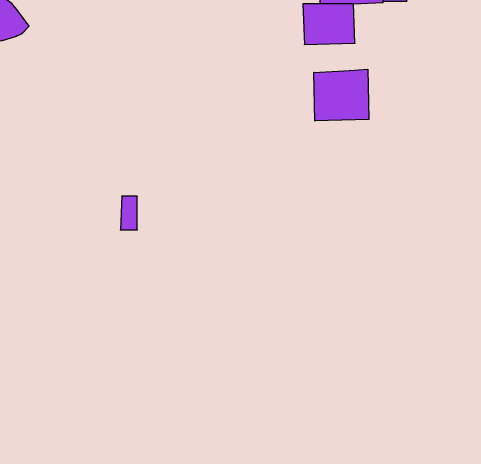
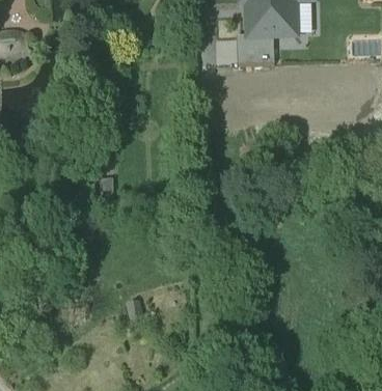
building: [314,69,369,121] -> none

